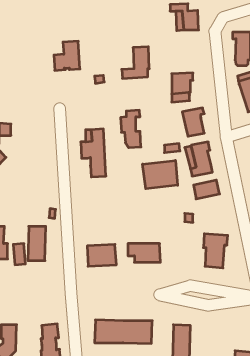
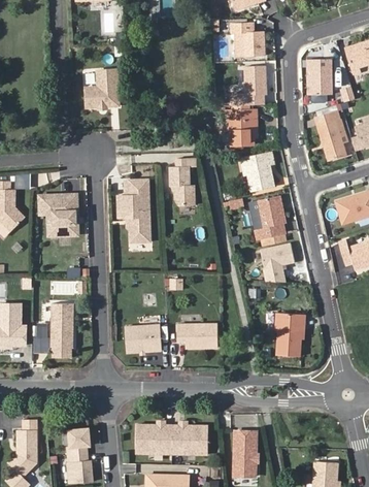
building: [122,47,149,78] -> [233,66,268,106]
building: none -> [39,195,77,236]
building: [143,160,178,189] -> none

